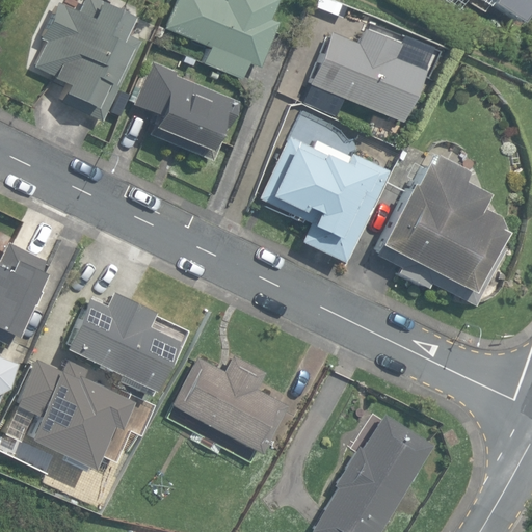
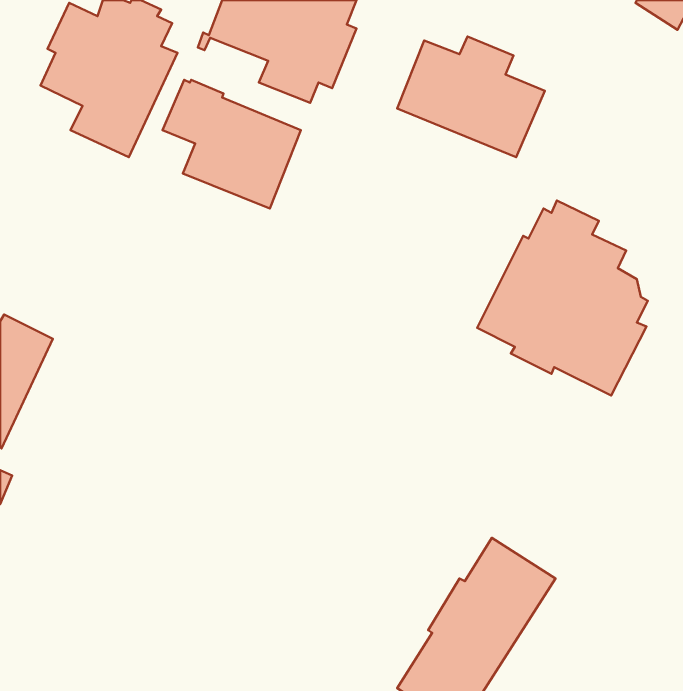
building: [261,137,388,261] -> none
building: [68,292,179,391] -> none
building: [174,355,290,454] -> none
building: [18,358,132,473] -> none

